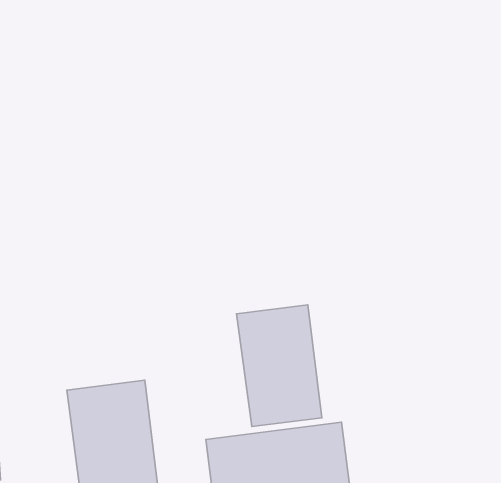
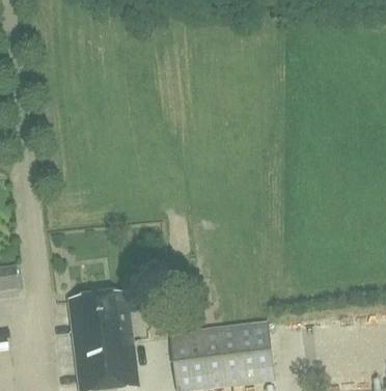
building: [237,305,322,426] -> none

